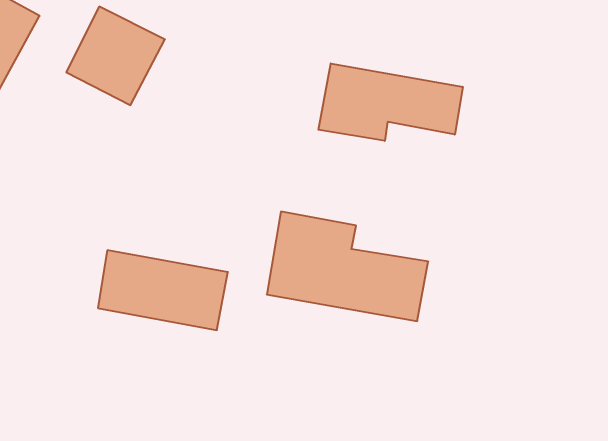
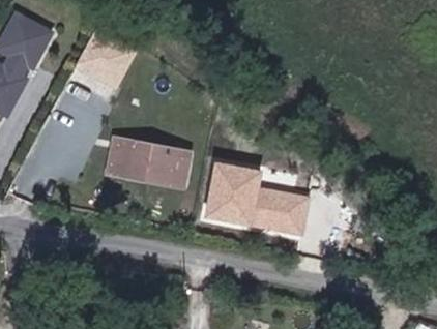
building: [318,63,463,141] -> none
building: [98,250,228,330] -> [107,137,193,189]

